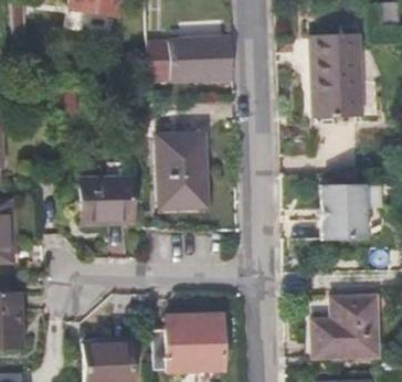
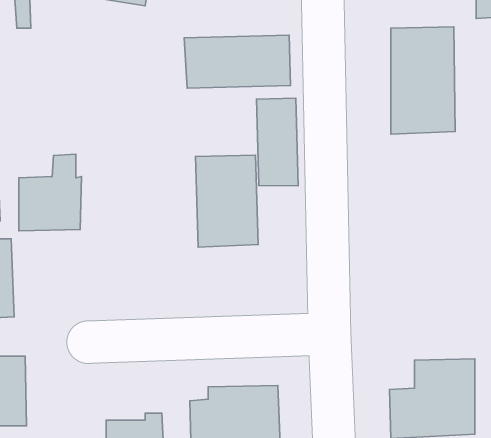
building: none -> [256,98,298,186]
building: [85,160,135,221] -> [19,154,82,231]
building: [320,184,366,241] -> none

